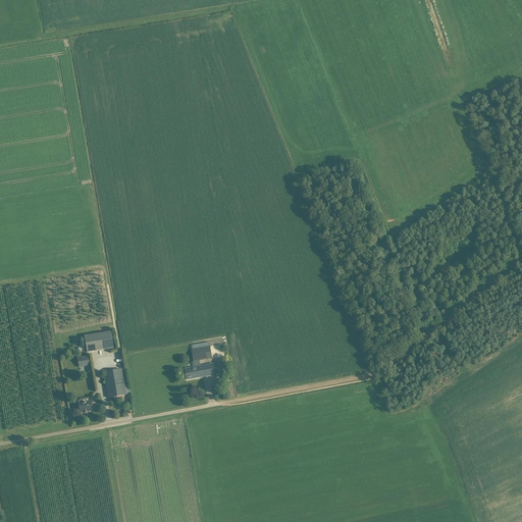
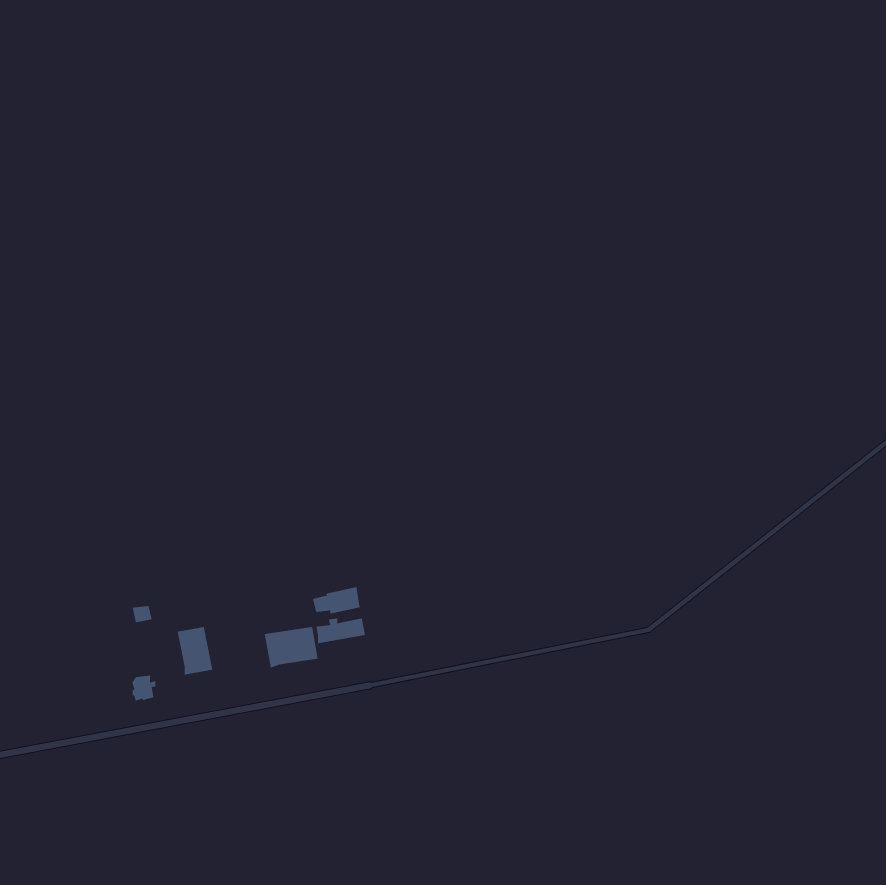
building: [84,330,113,352] -> none
building: none -> [264,626,318,669]

